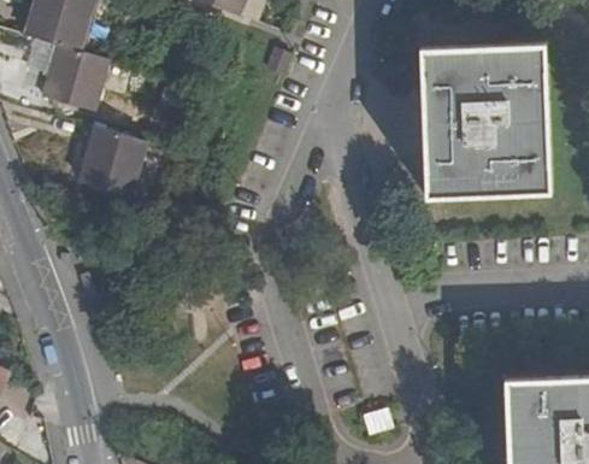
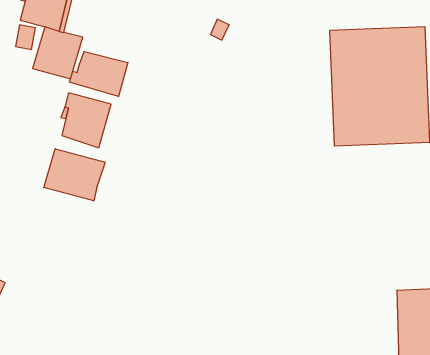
building: none -> [69,51,128,97]
building: none -> [44,149,105,201]

